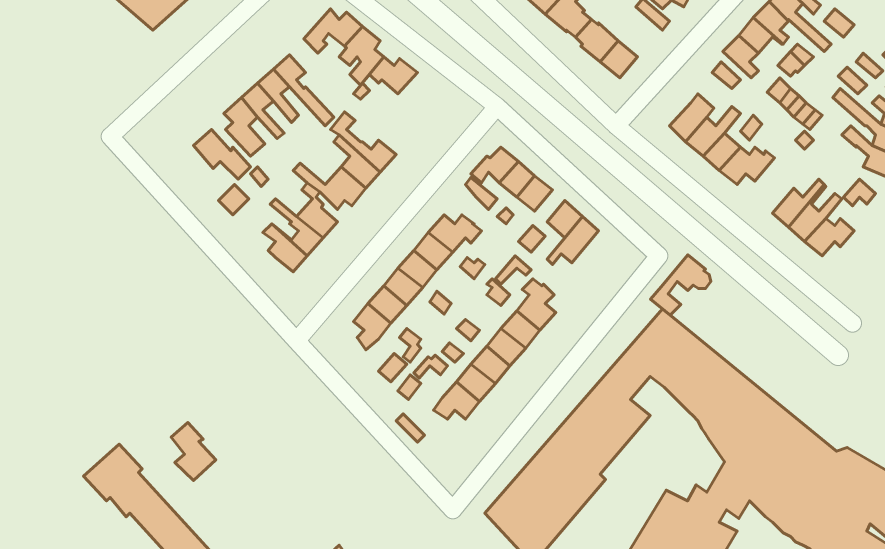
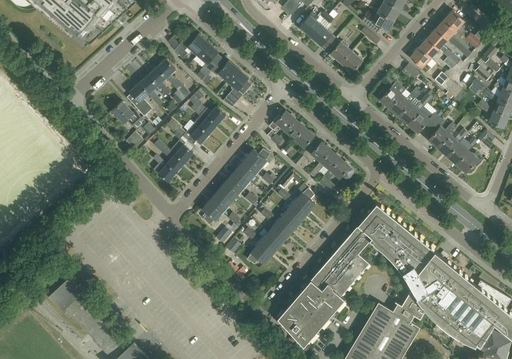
building: none -> [224,69,250,107]
building: none -> [428,117,456,148]
building: [651,255,711,315] -> [319,158,353,192]
building: [171,423,216,480] -> none

